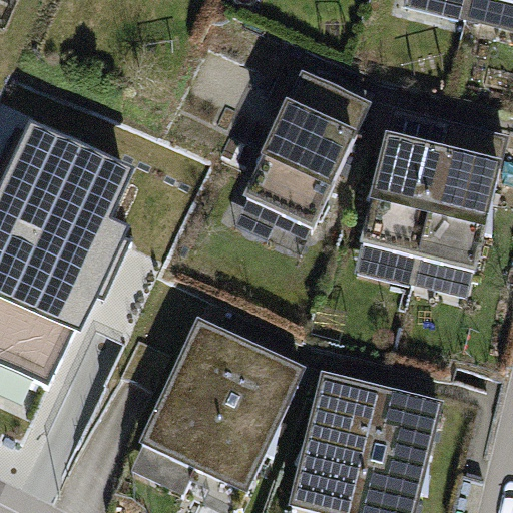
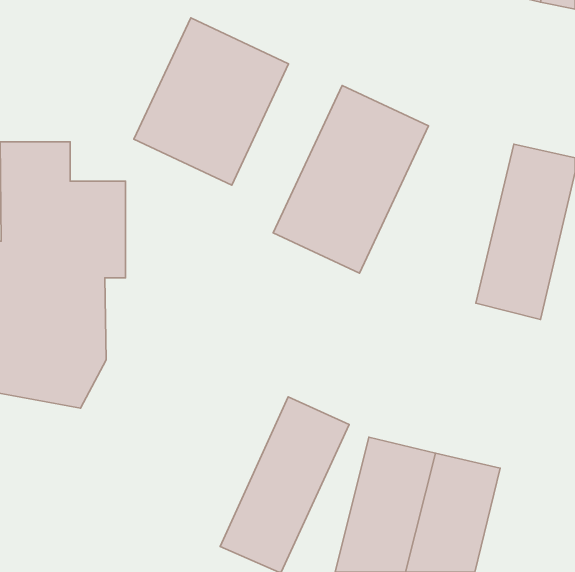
building: none -> [134,18,288,185]
building: [356,111,447,264] -> none
building: [137,321,250,475] -> none

